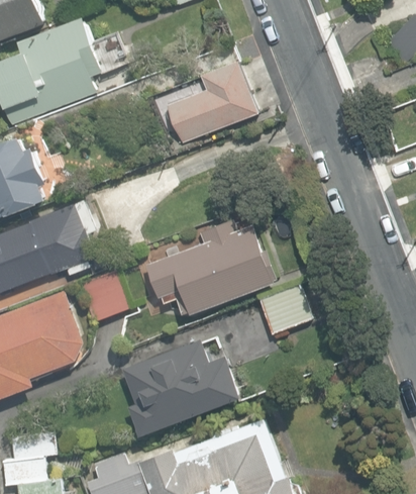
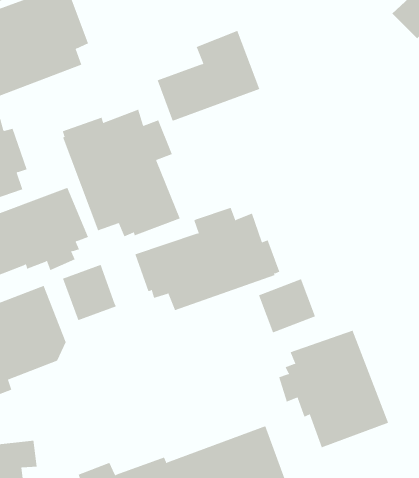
building: none -> [62,109,180,237]
building: none -> [278,330,389,448]
building: [121,339,239,436] -> none

